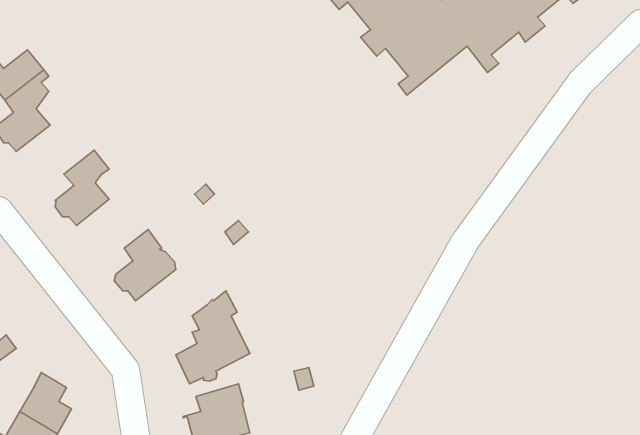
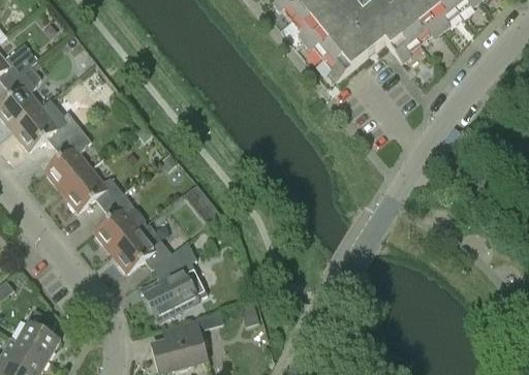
building: none -> [13,105,77,149]
building: none -> [63,166,122,210]
building: none -> [112,224,170,271]

